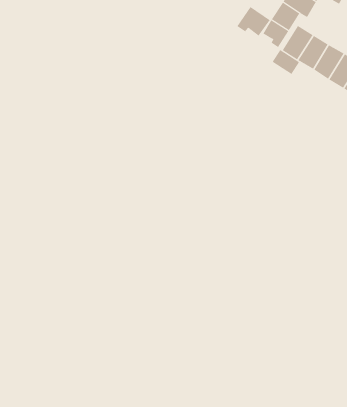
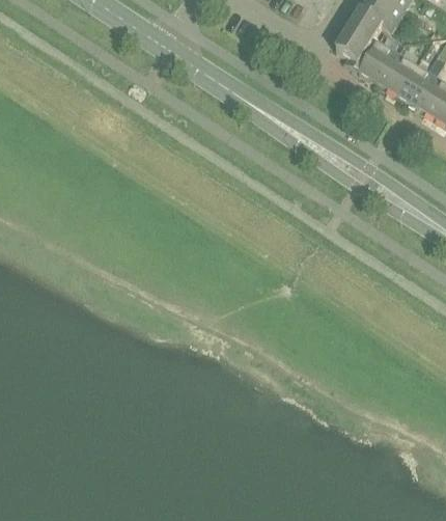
building: [237,6,271,36] -> none
building: [272,49,300,75] -> none

